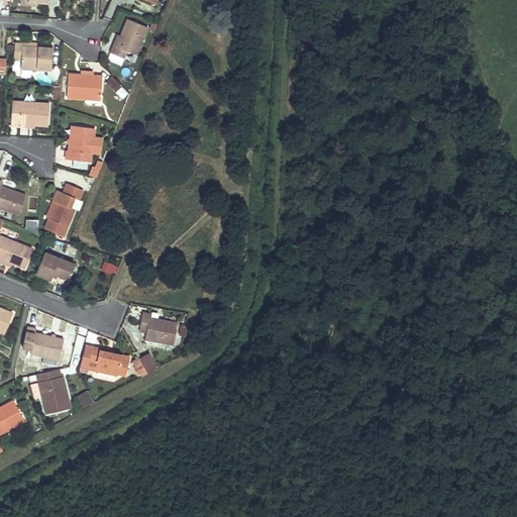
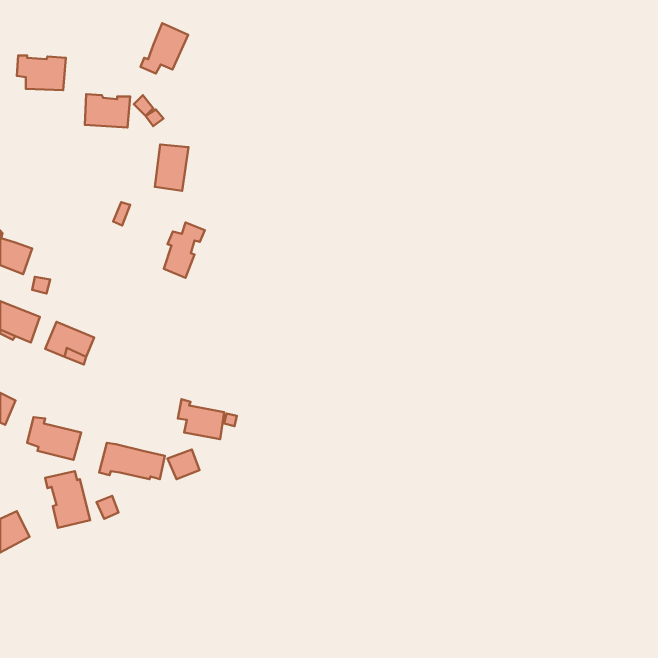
building: [10,101,48,126] -> none
building: [68,126,94,163] -> [155,144,188,191]
building: [49,184,82,227] -> [164,222,205,278]

